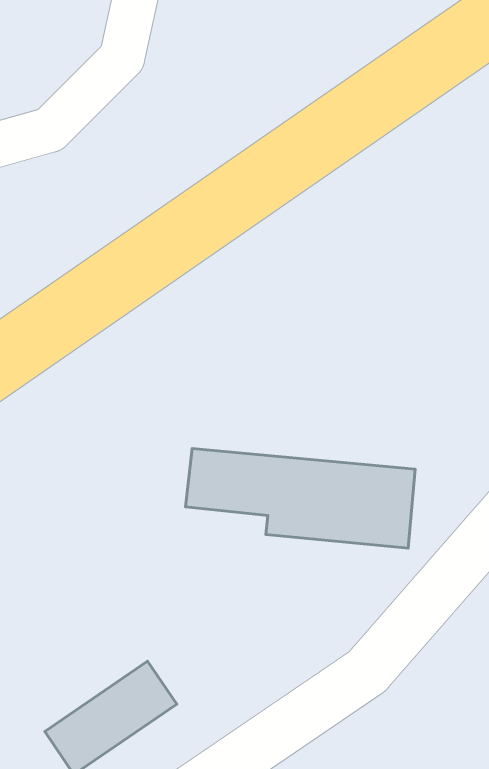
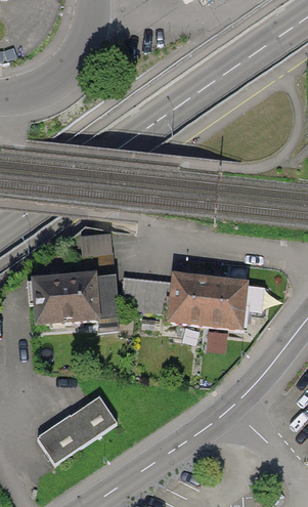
building: none -> [26,233,119,320]

